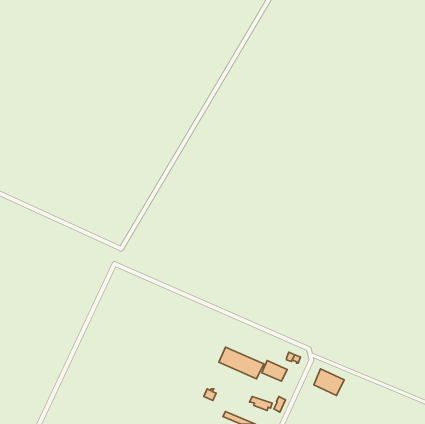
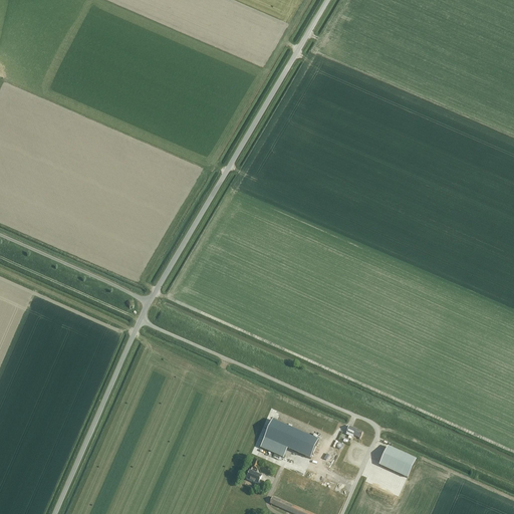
building: [262,360,287,381] -> none

